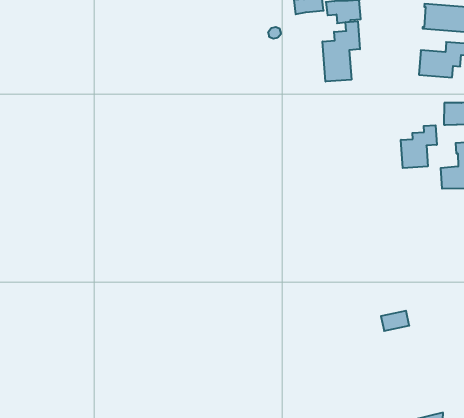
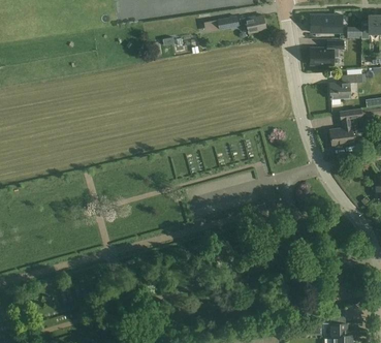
building: [323,21,360,82] -> none
building: [401,125,437,168] -> none

